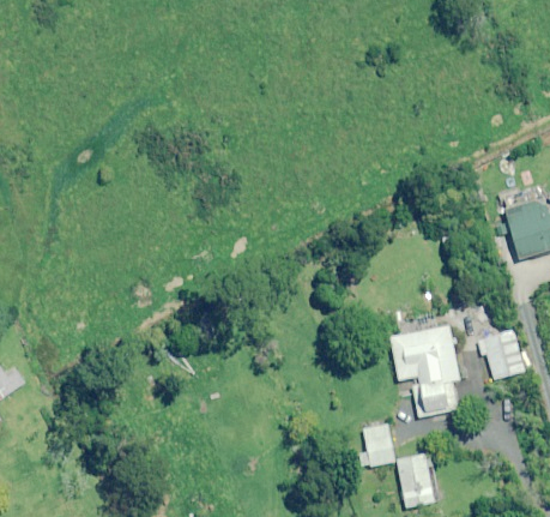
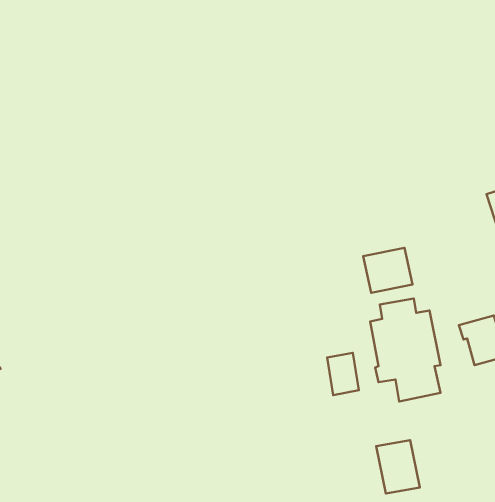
building: none -> [363,248,413,293]
building: [362,423,393,465] -> [327,353,359,395]

